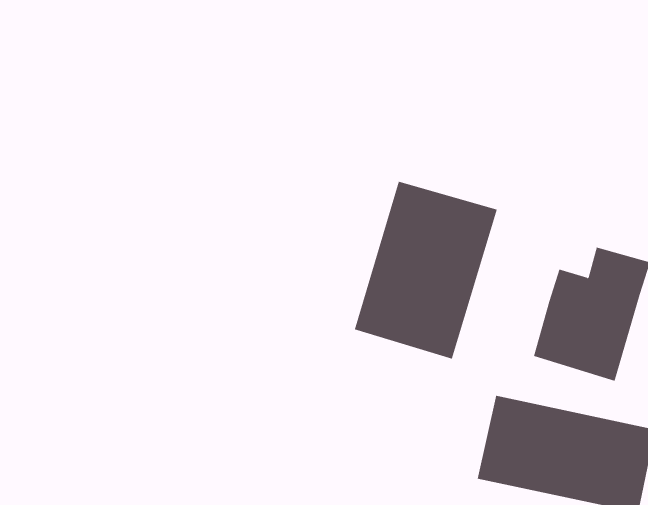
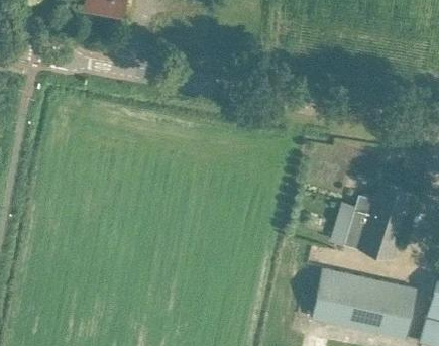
building: [354,181,497,360] -> none

